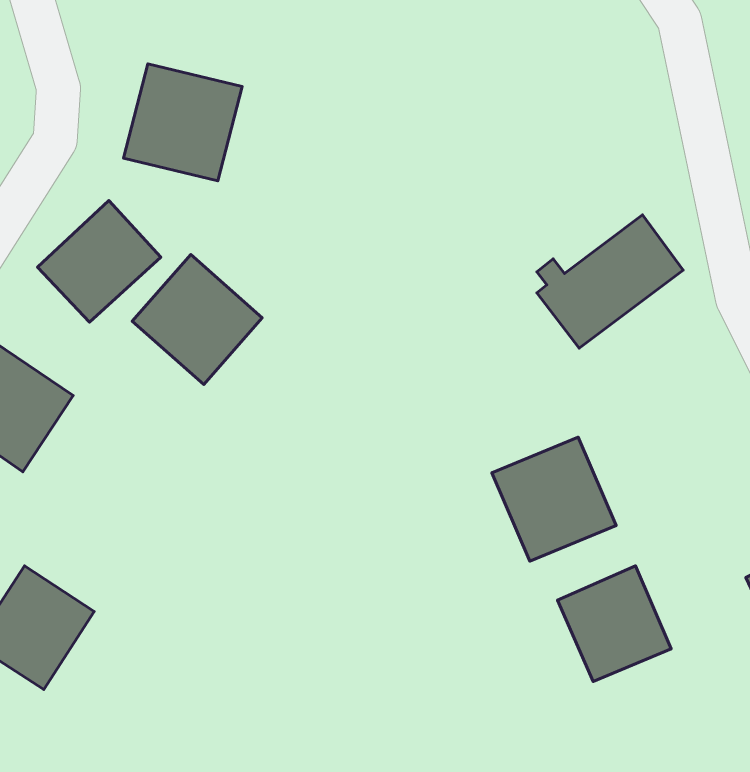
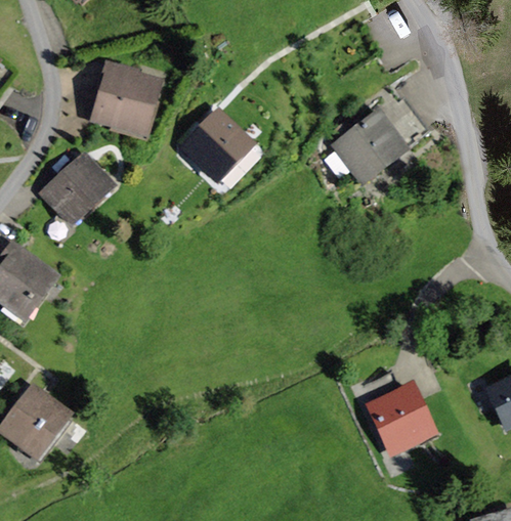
building: [537,215,683,348] -> [334,92,426,176]
building: [132,254,262,384] -> [180,110,262,191]
building: [492,437,616,561] -> none

